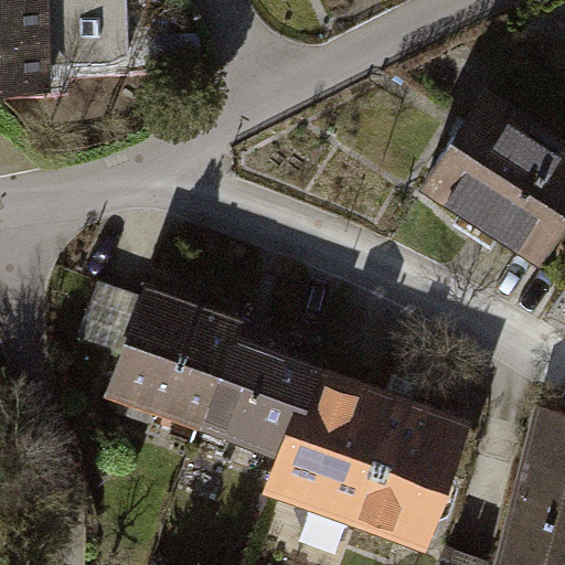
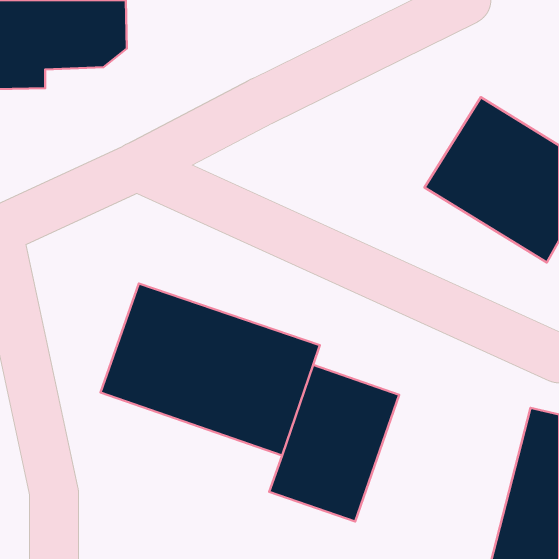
building: [355,399,475,552] -> none

